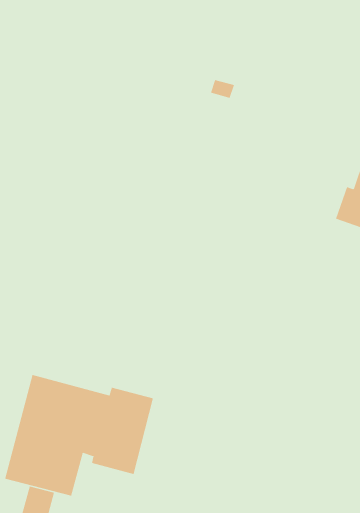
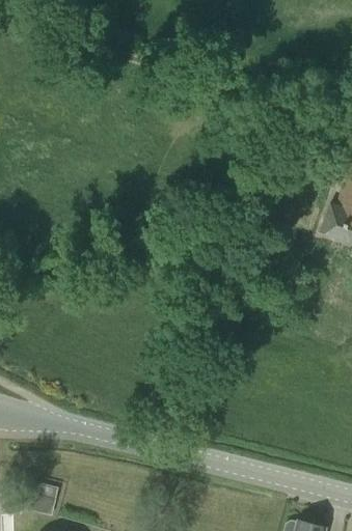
building: [4,374,154,497] -> none

